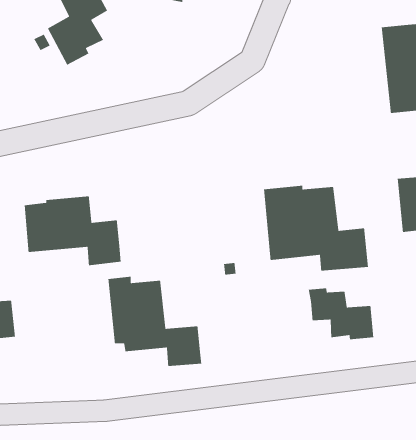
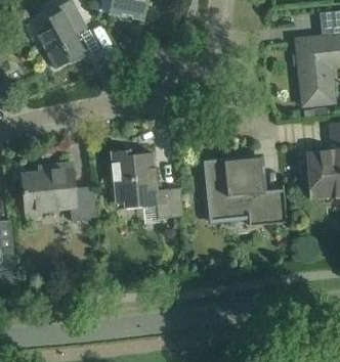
building: [107,276,202,367] -> [111,149,183,219]
building: [308,287,374,340] -> none

